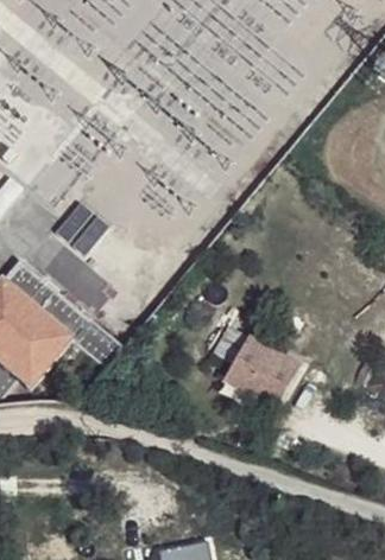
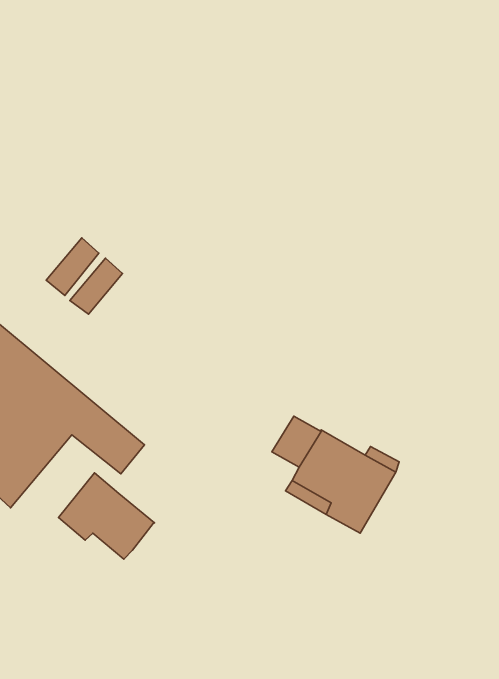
building: none -> [58,473,154,559]

